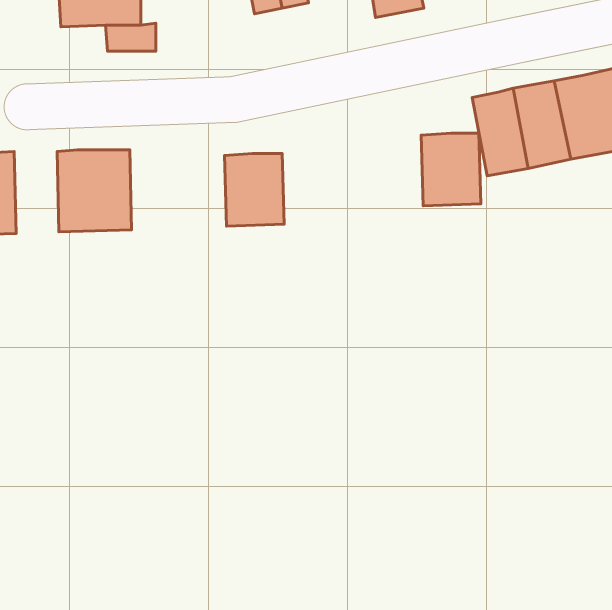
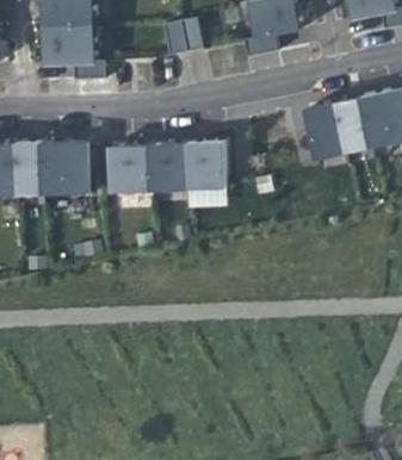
building: [421,133,481,206] -> [185,143,223,189]
building: none -> [13,143,42,195]
building: none -> [111,145,149,192]

